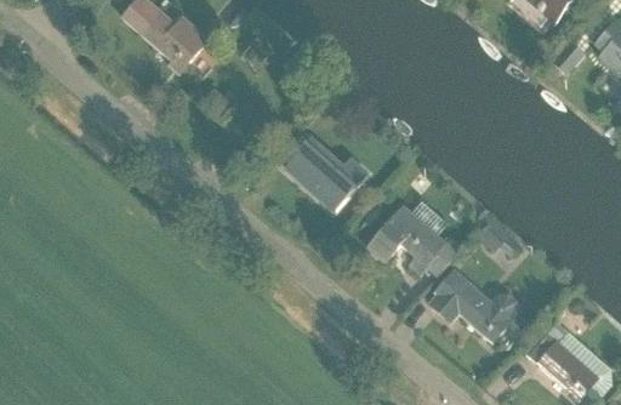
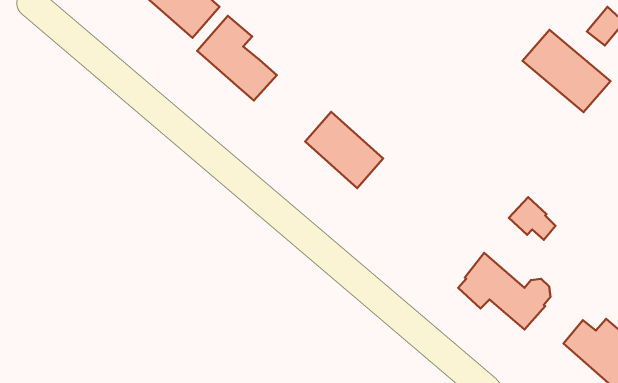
building: none -> [197,16,277,101]
building: none -> [522,30,610,112]
building: [368,206,462,275] -> none

